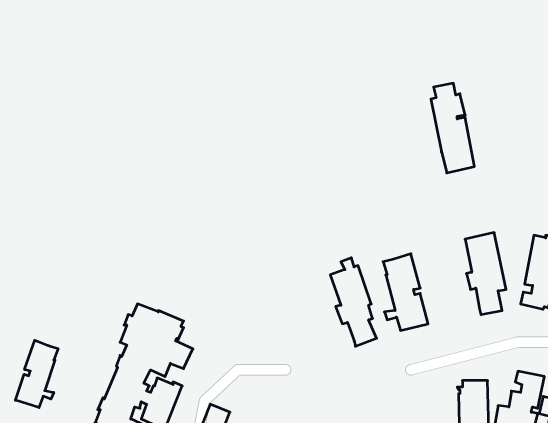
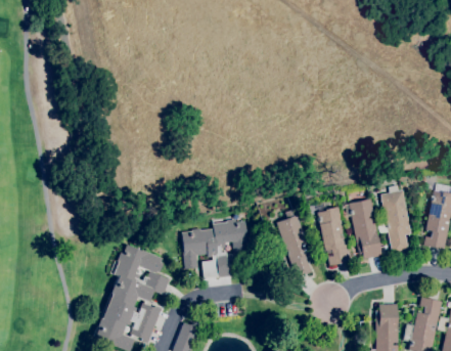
building: [431,83,474,173] -> [349,190,382,260]
building: none -> [181,219,251,277]
building: [15,340,58,408] -> none

